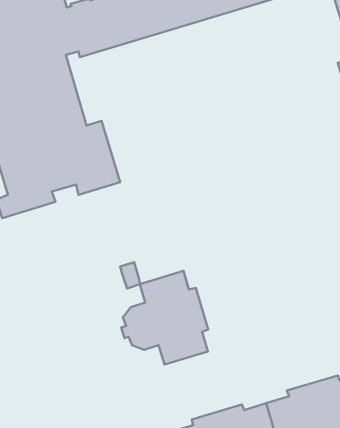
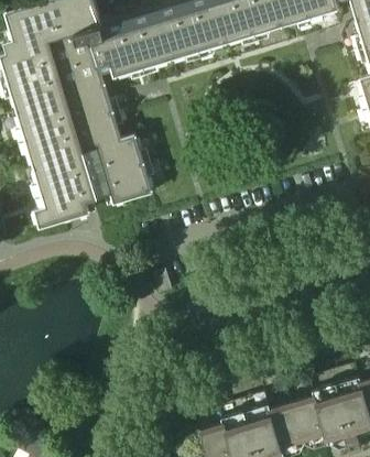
building: [121,271,208,365] -> none

